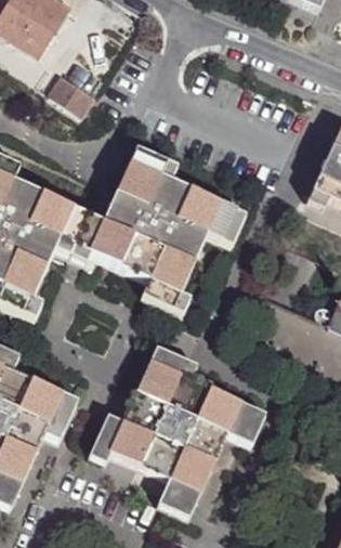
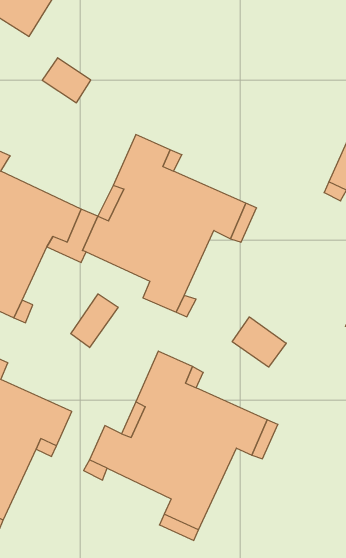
building: none -> [71,294,118,348]
building: none -> [232,317,286,367]

